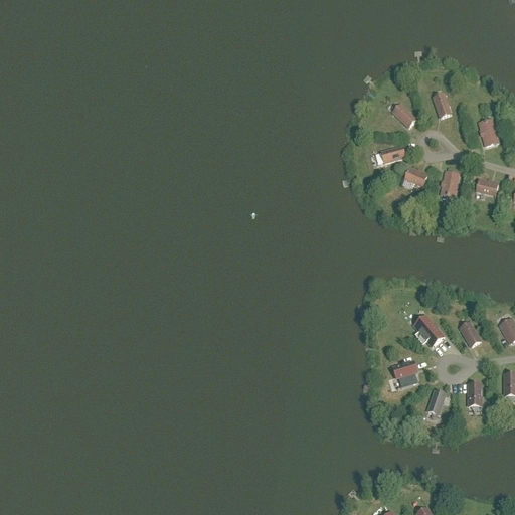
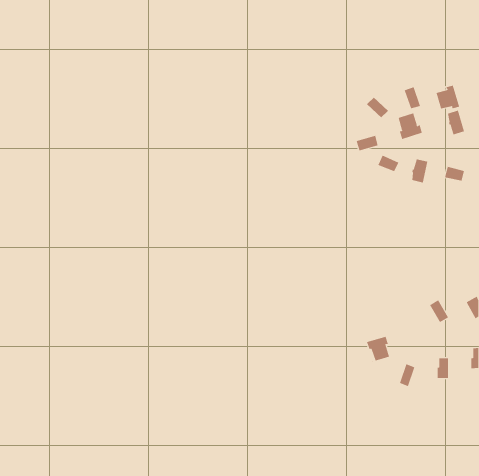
building: none -> [436,85,460,114]
building: none -> [394,112,423,140]
building: [413,315,444,346] -> none

